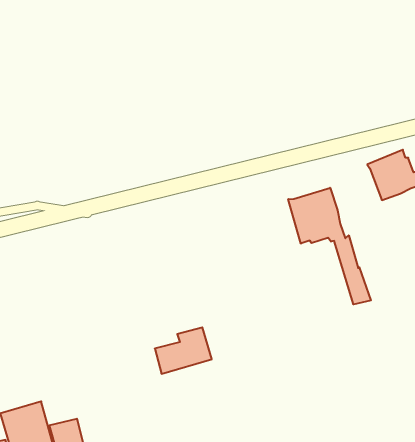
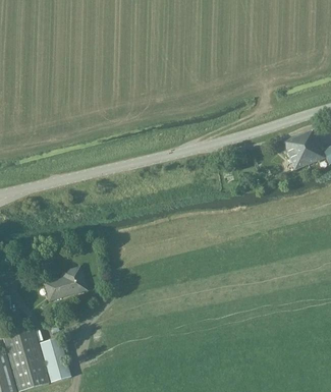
building: [288,188,371,304] -> none
building: [155,327,212,374] -> [44,267,88,302]

